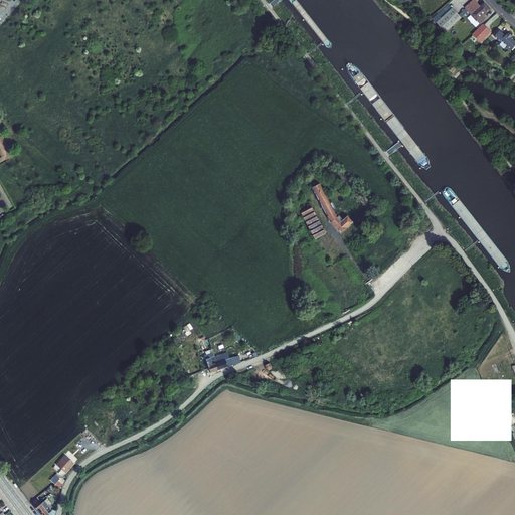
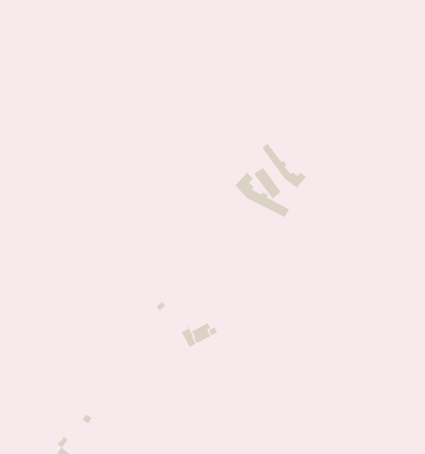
building: none -> [235,172,290,218]

